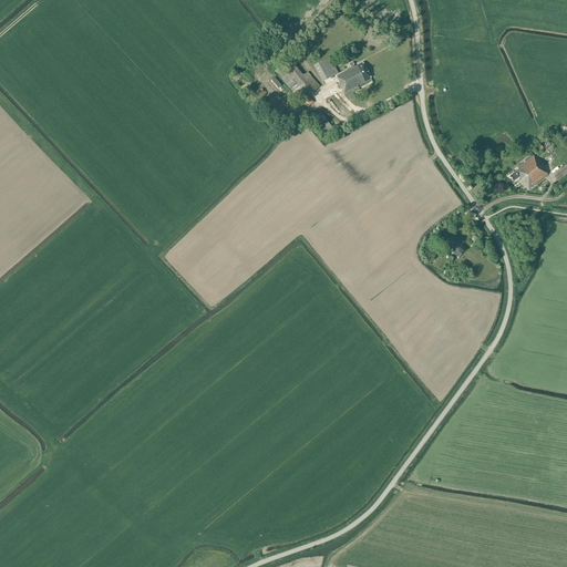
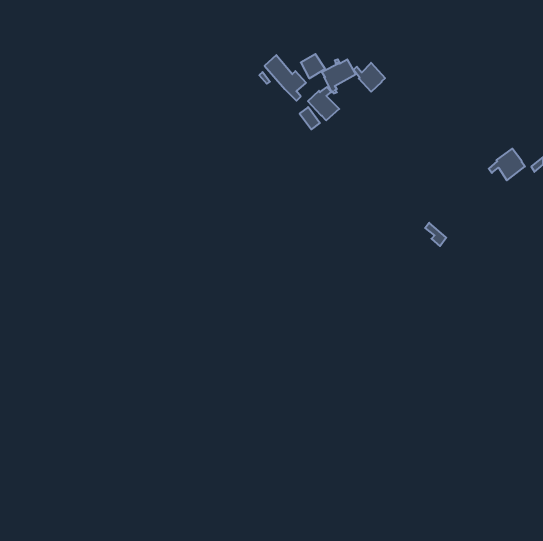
building: none -> [353,63,385,92]
building: none -> [308,87,339,120]

